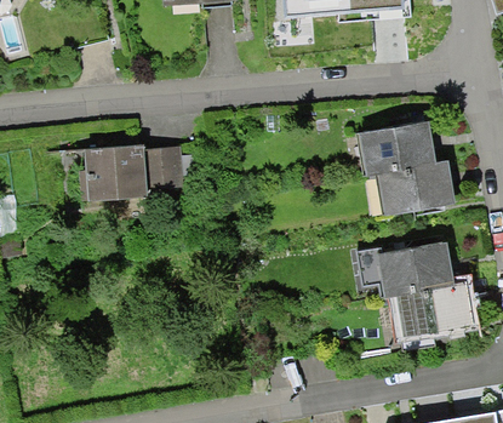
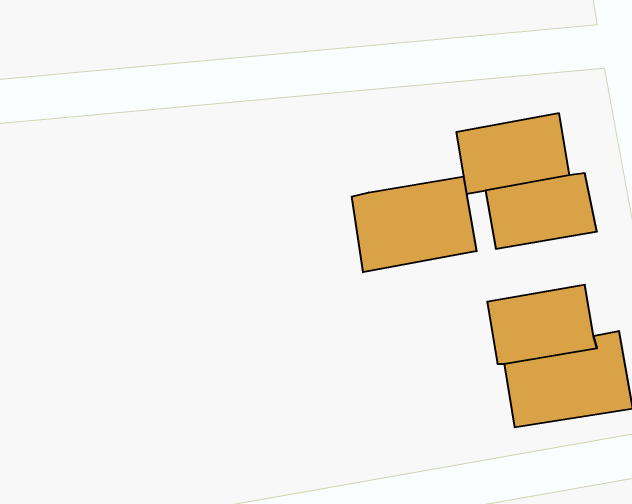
building: [81,143,200,204] -> none
building: none -> [352,176,477,272]

